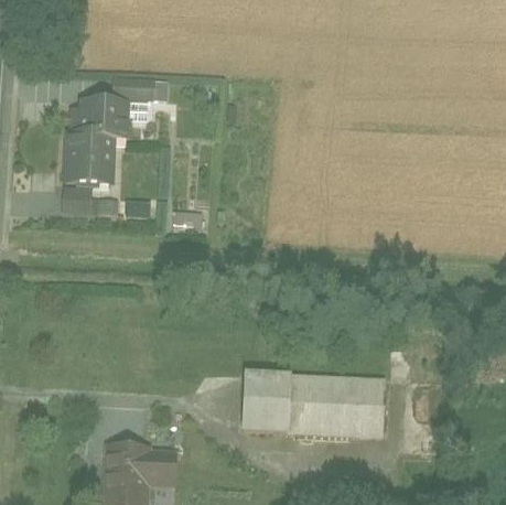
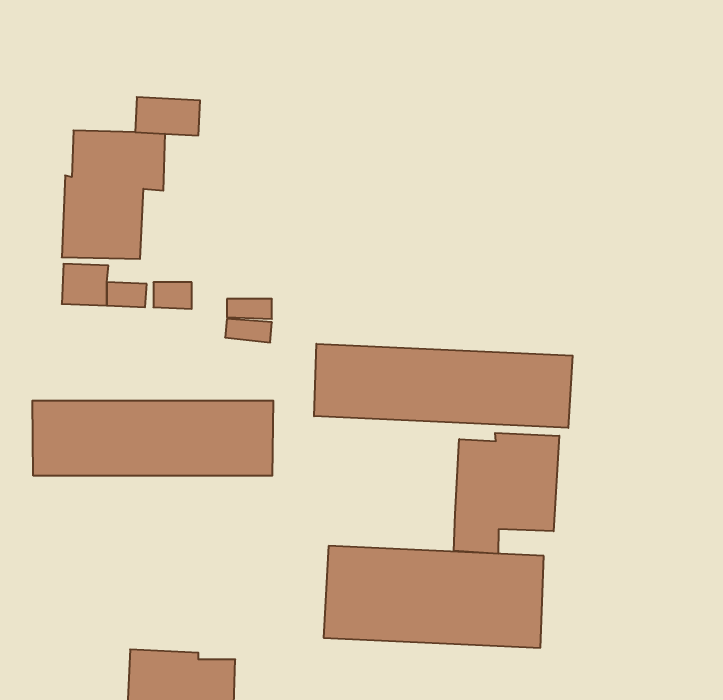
building: none -> [314,344,573,428]
building: none -> [32,401,273,476]
building: none -> [454,433,559,554]

